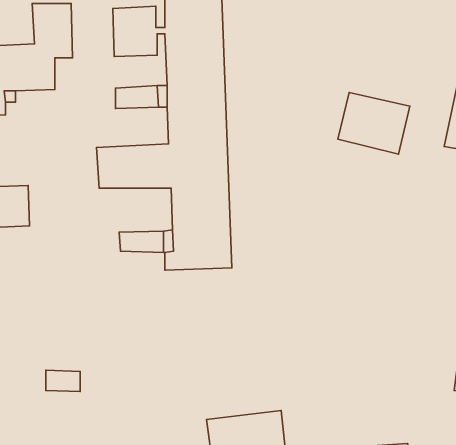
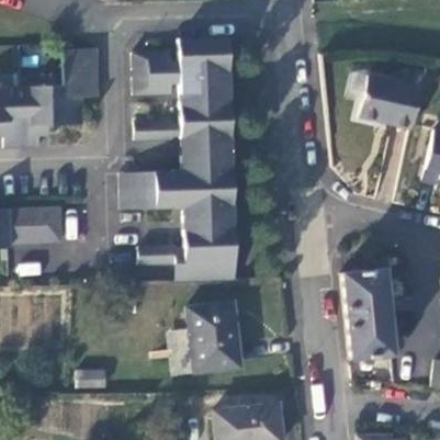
building: [338,92,410,154] -> [356,71,418,125]
building: none -> [340,268,391,358]
building: none -> [184,300,237,372]

